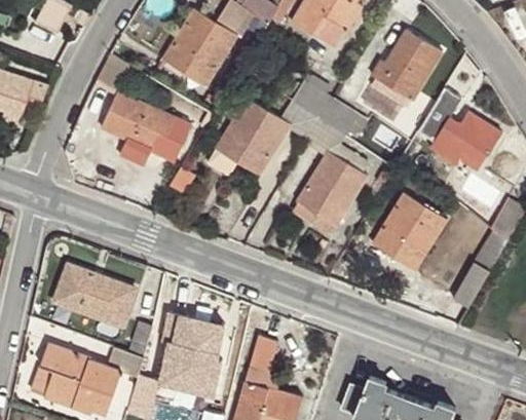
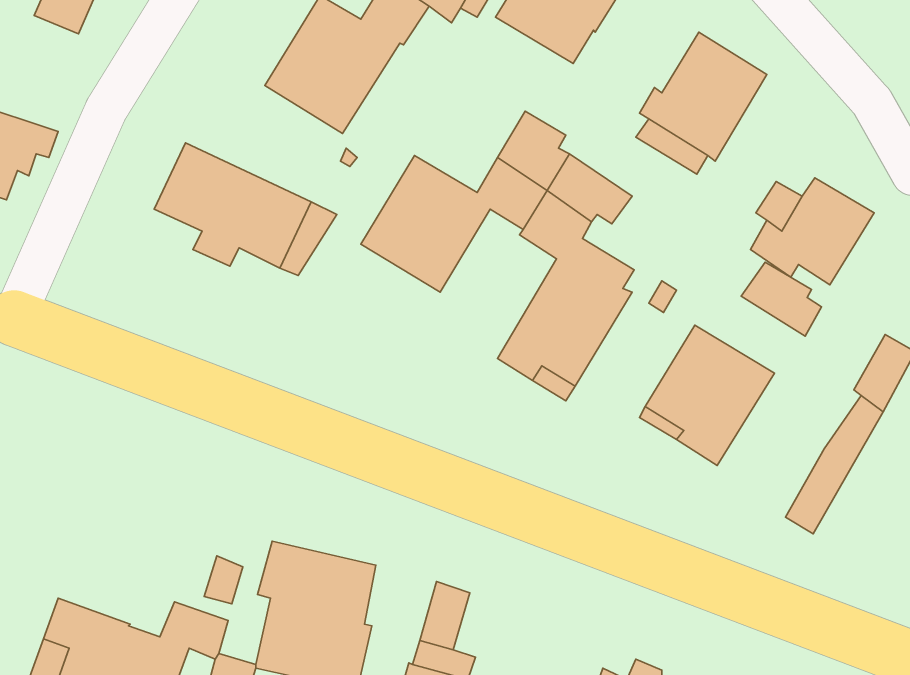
building: none -> [741,262,822,336]
building: [55,266,134,323] -> none

